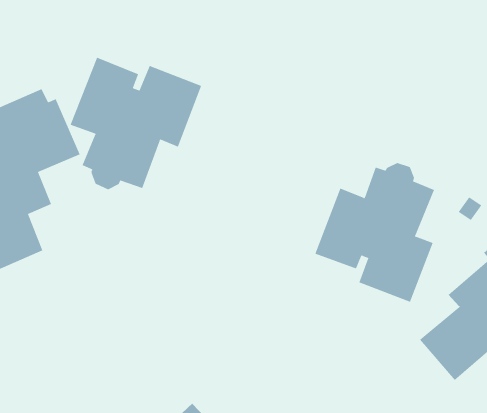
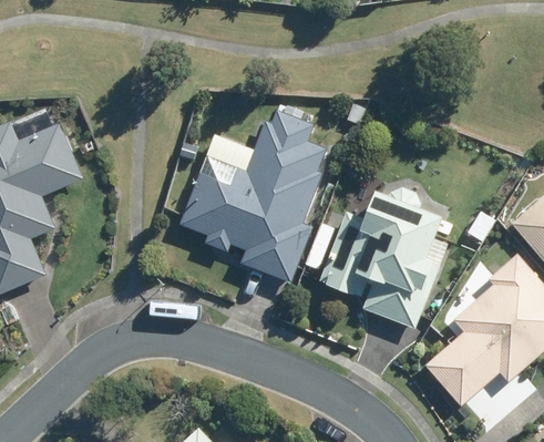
building: [70,57,202,190] -> none
building: none -> [182,106,327,282]

